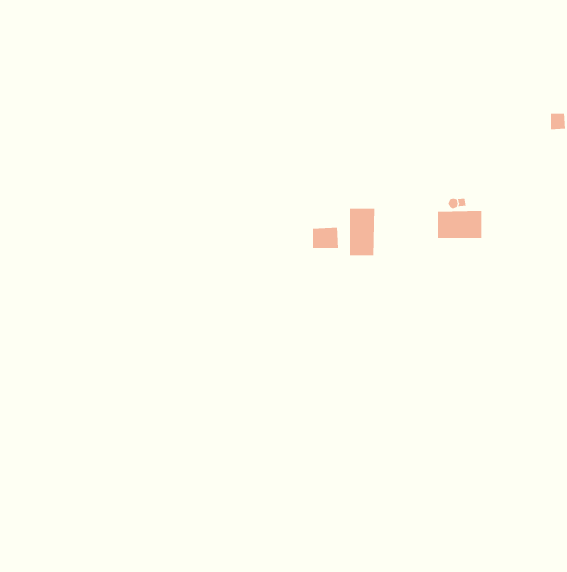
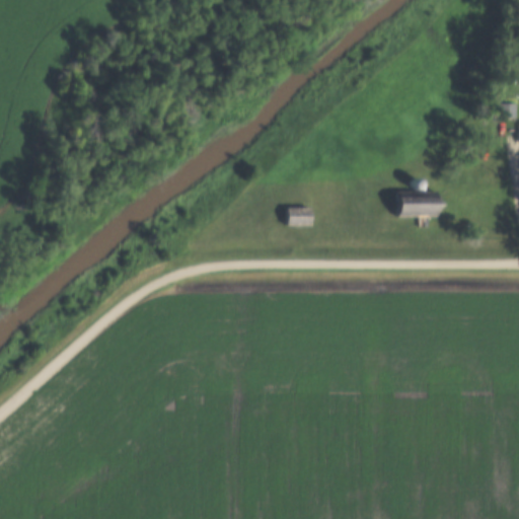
building: [350,208,375,256] -> none

